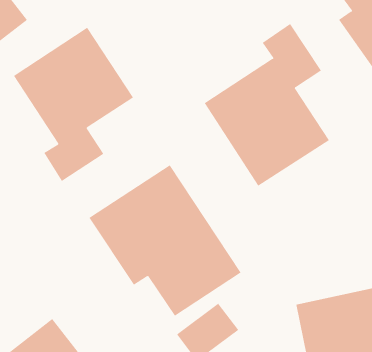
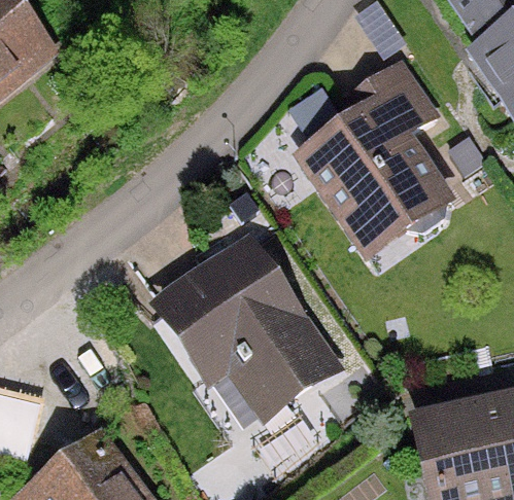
building: [13,27,134,182] -> none

